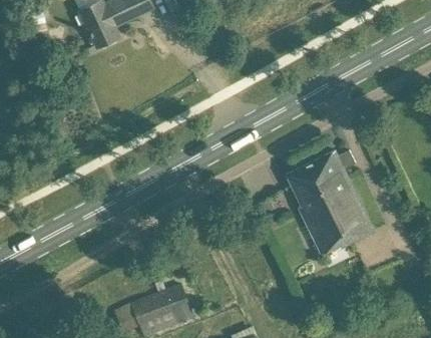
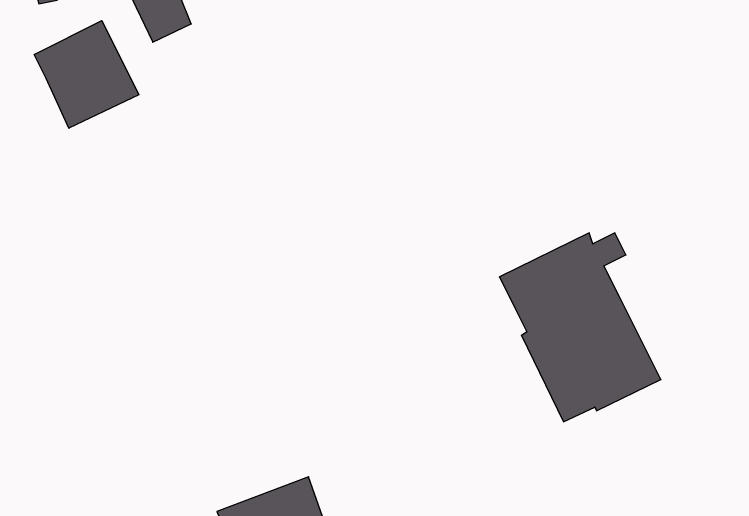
building: none -> [34,21,139,128]

